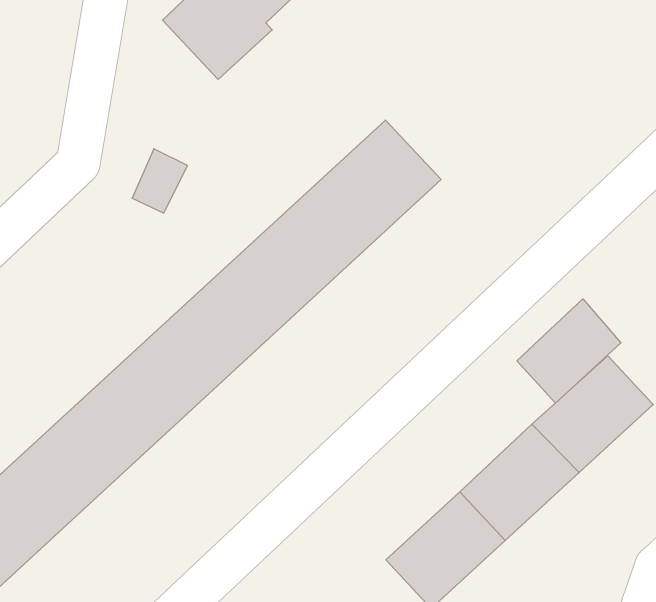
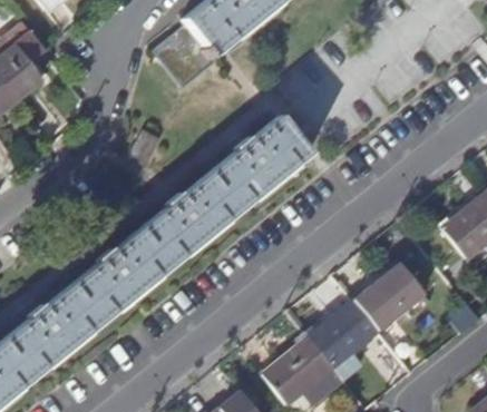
building: [517,299,621,403] -> none

